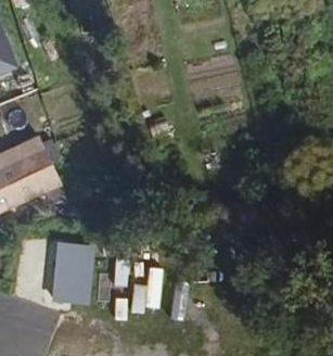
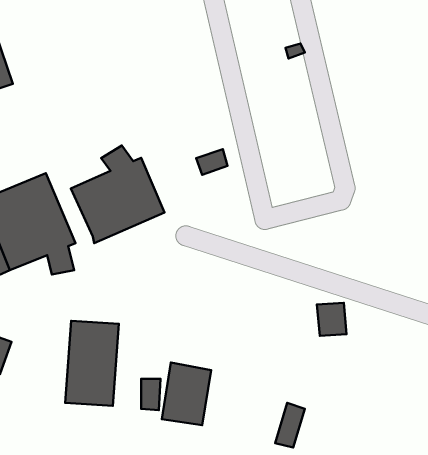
building: none -> [71,145,164,243]

